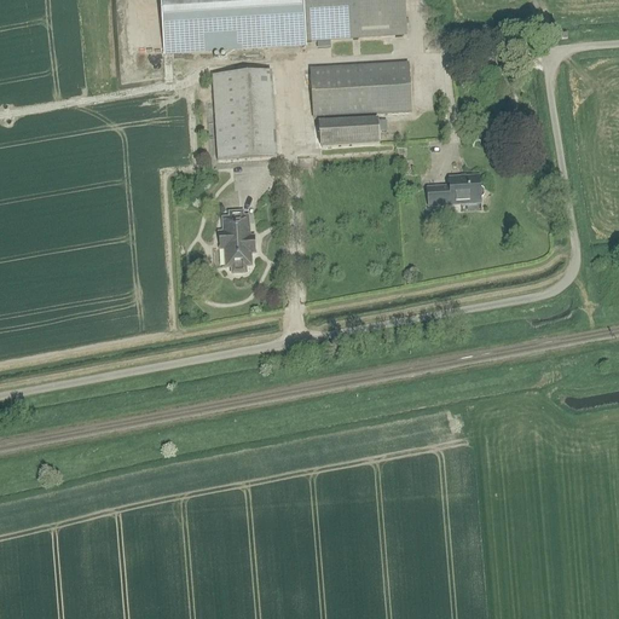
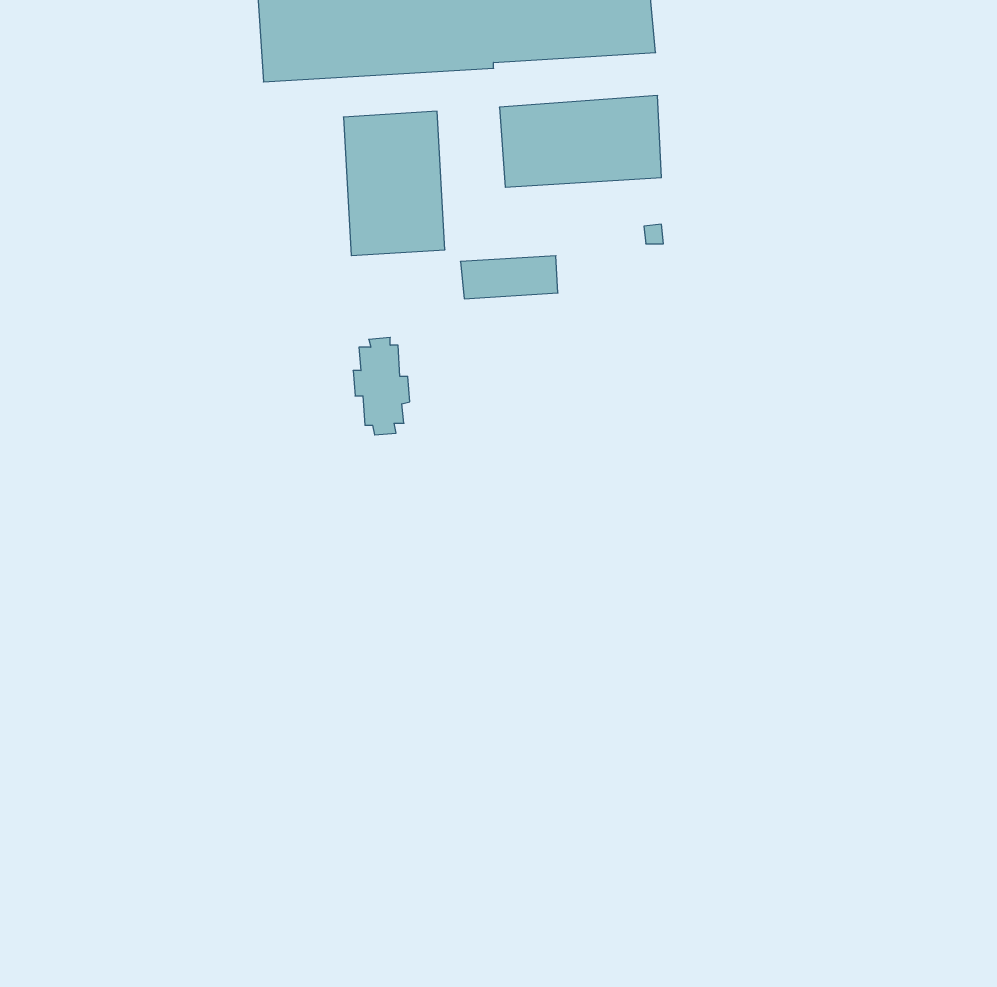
building: [318,117,378,144] -> [460,256,558,299]
building: [427,173,482,203] -> none

